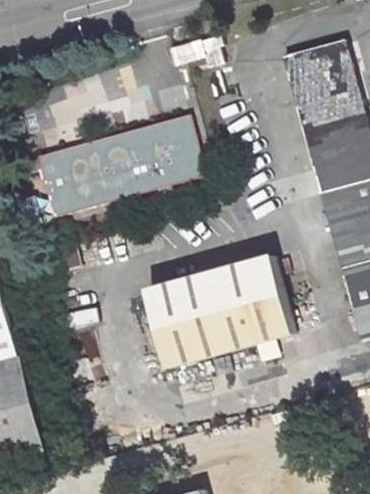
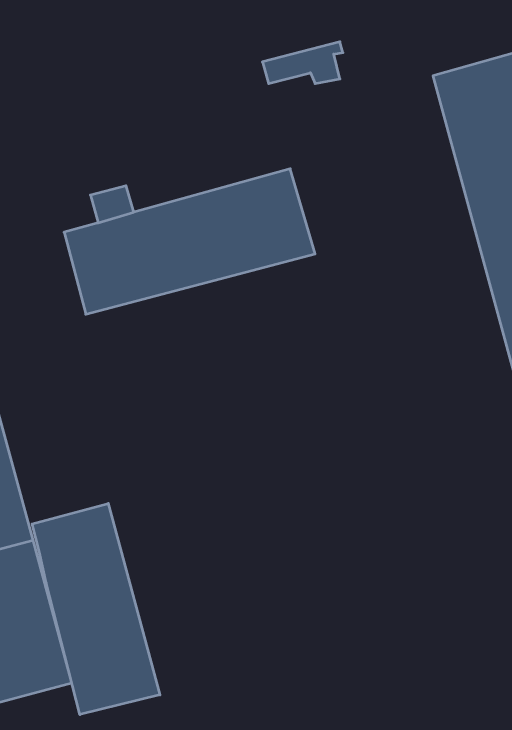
building: [148,253,294,385] -> none
building: none -> [32,503,160,715]

